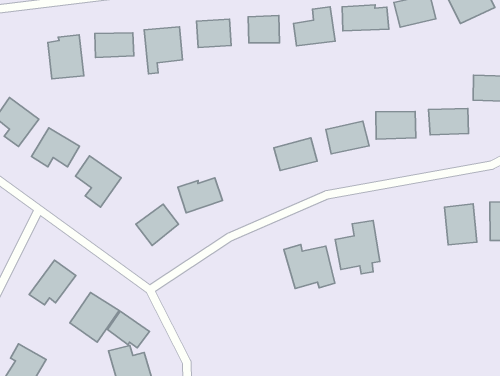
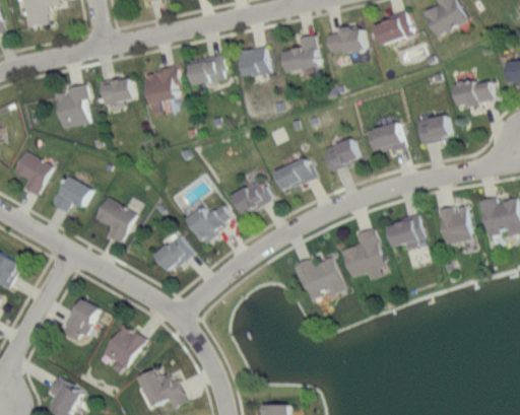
building: none -> [233,181,270,214]
building: none -> [387,214,424,248]
building: [107,311,149,348] -> none

